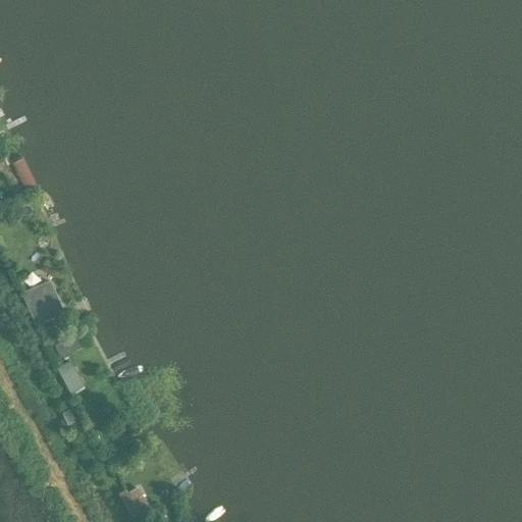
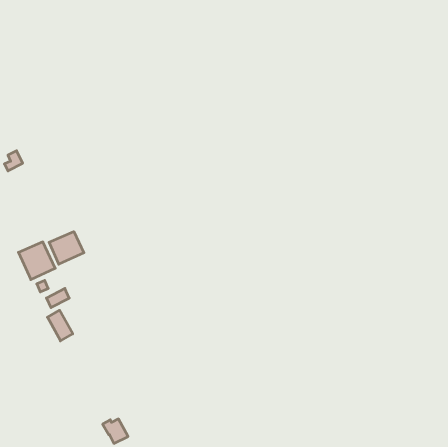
building: none -> [49,232,84,264]

